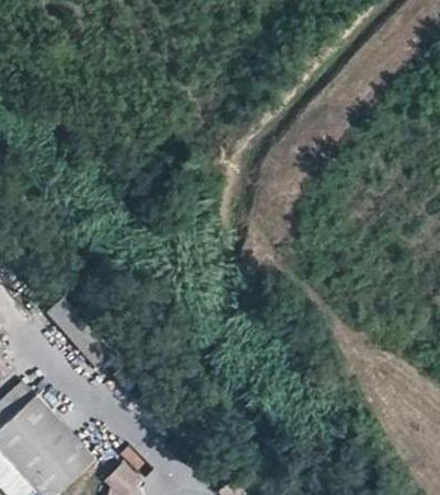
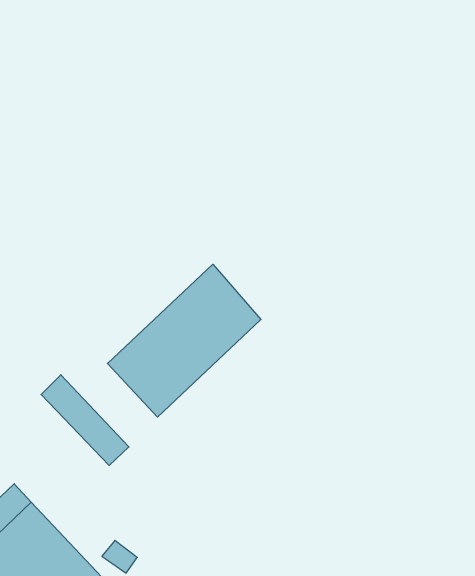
building: none -> [107,264,261,417]

